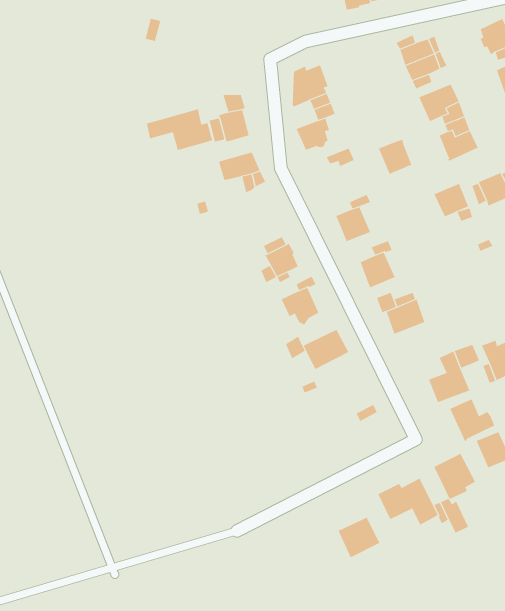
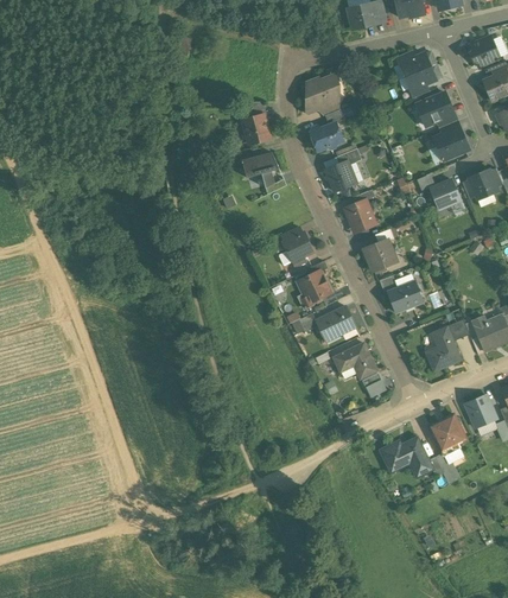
building: [146,109,213,151] -> none
building: [378,139,412,174] -> [325,160,355,191]
building: none -> [334,343,376,377]
building: [450,399,495,442] -> none
building: [338,517,380,558] -> none

